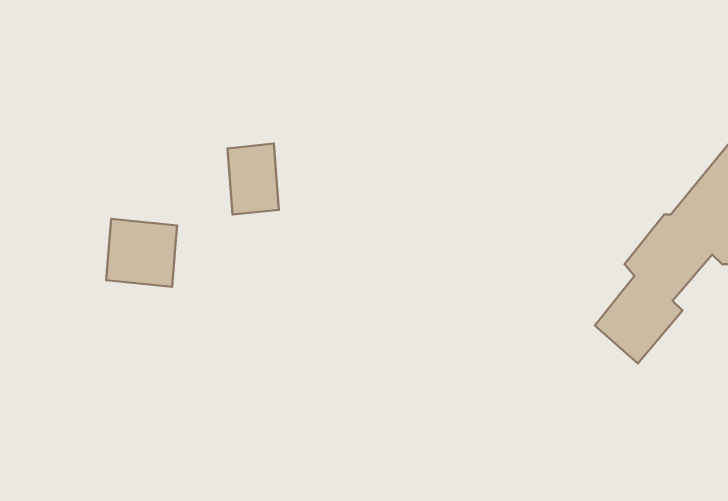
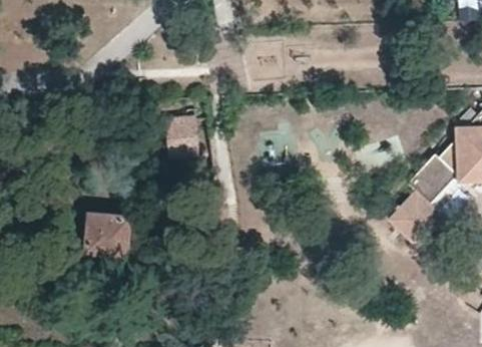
building: [106,219,177,287] -> [86,211,129,252]

